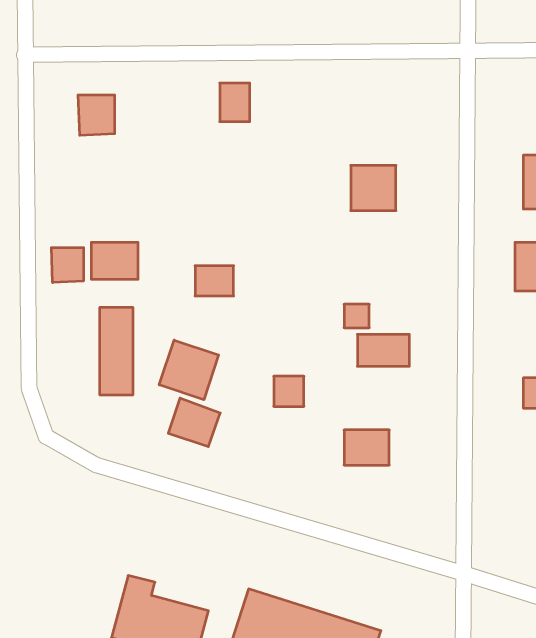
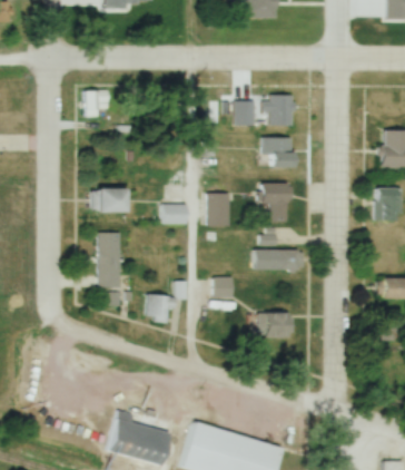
building: [220,83,250,122] -> [236,100,256,126]
building: none -> [268,95,295,126]
building: none -> [259,184,292,221]
building: none -> [207,188,230,226]
building: [51,248,84,283] -> none
building: [159,340,219,400] -> none

